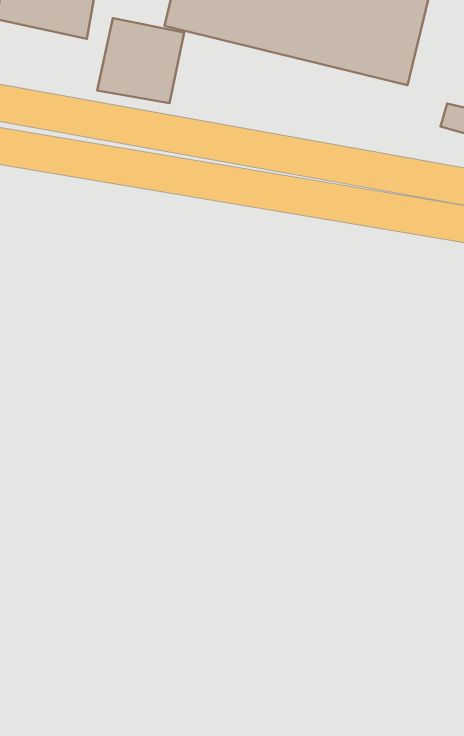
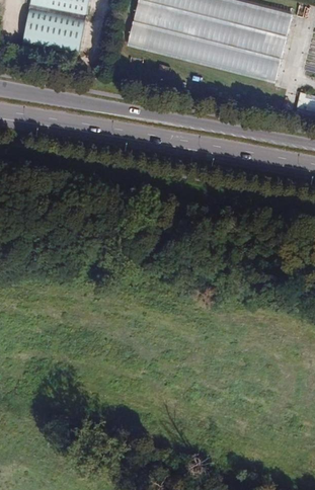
building: [97,18,184,103] -> none

